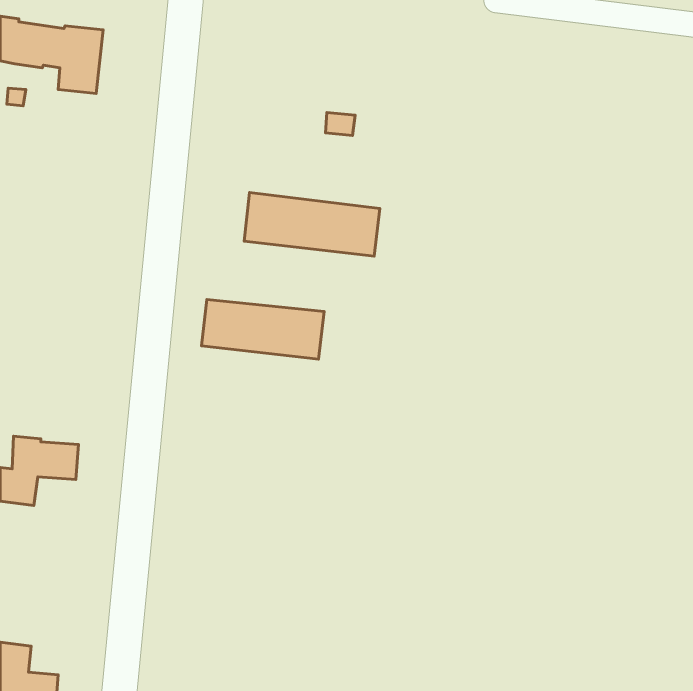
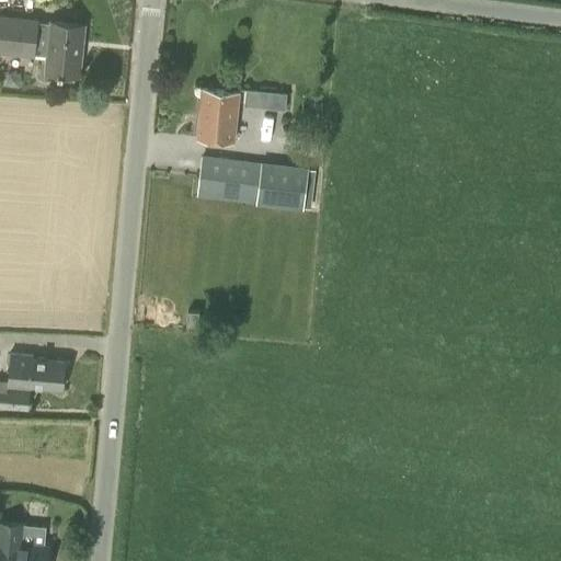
building: none -> [198,90,238,141]
building: [202,299,324,359] -> none

